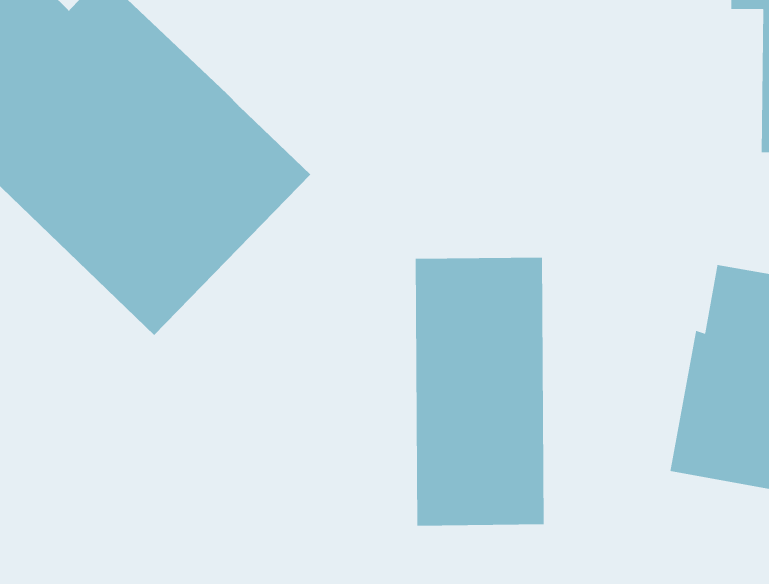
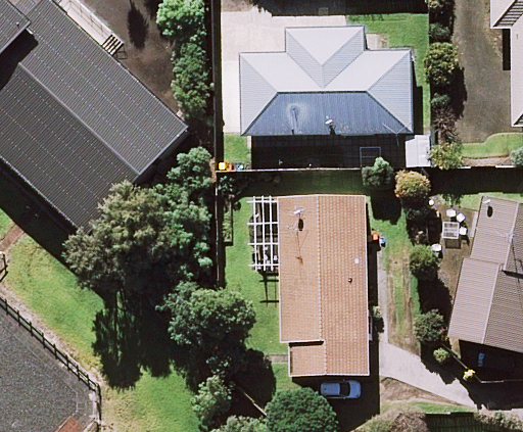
building: none -> [243,31,409,135]

